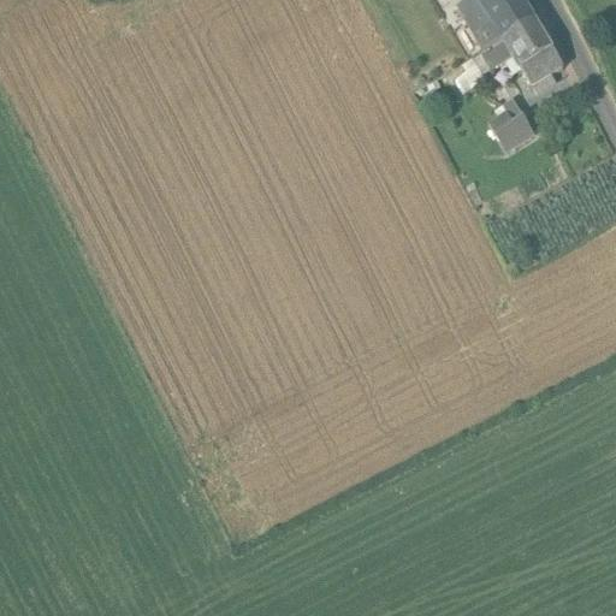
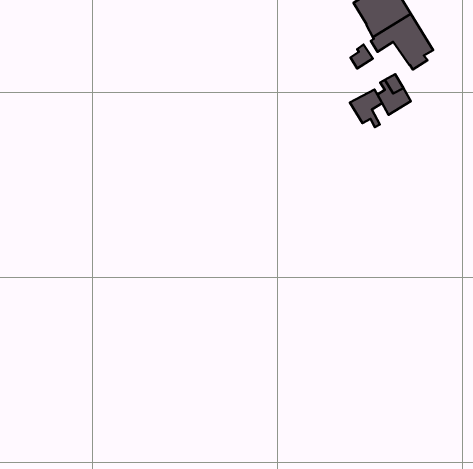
building: none -> [350,90,382,127]

